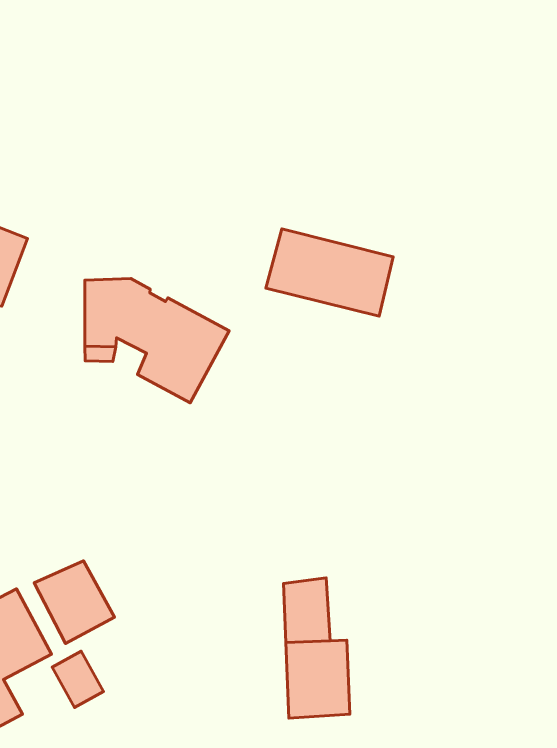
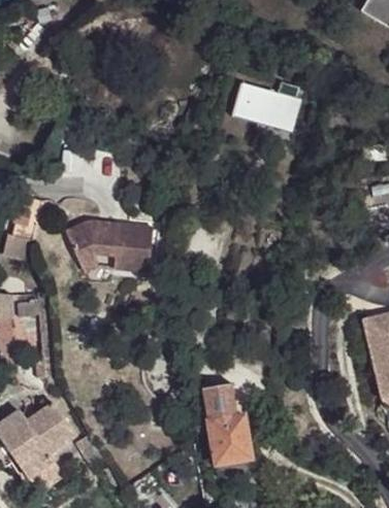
building: [266,229,393,316] -> [228,83,298,128]
building: [34,561,114,643] -> none

